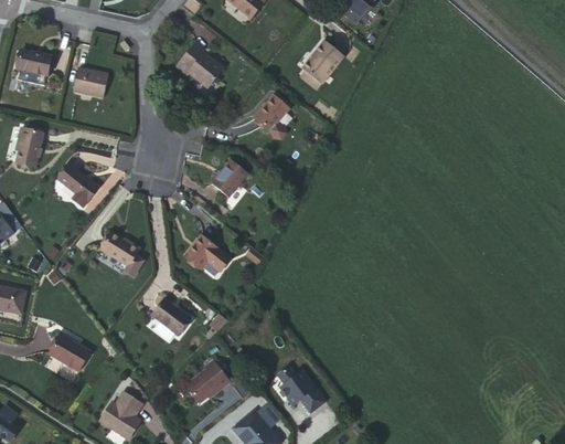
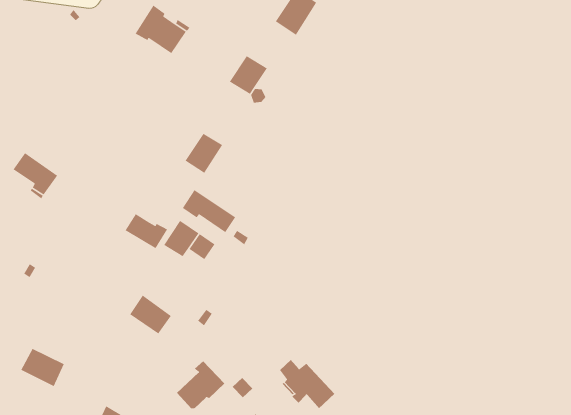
building: [73,66,108,96] -> none
building: none -> [182,189,236,233]
building: [100,230,139,263] -> [124,213,168,249]

